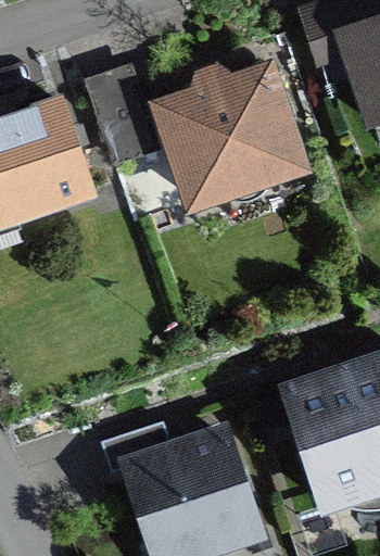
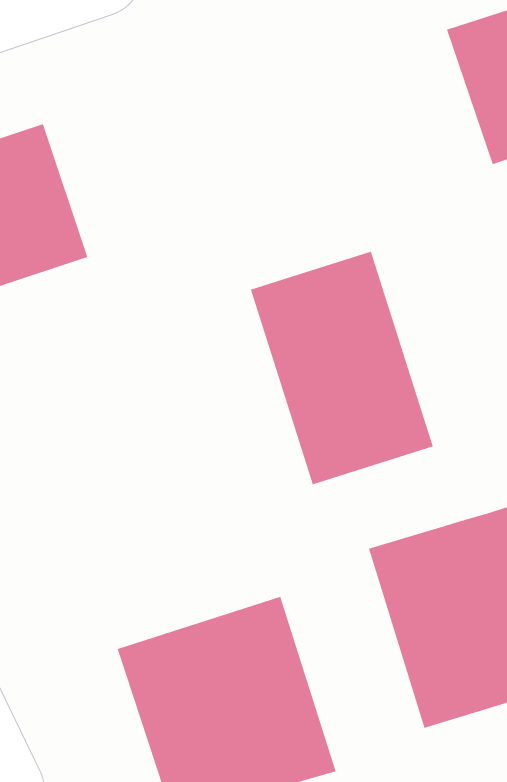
building: [152,66,309,213] -> none
building: none -> [250,251,434,485]

